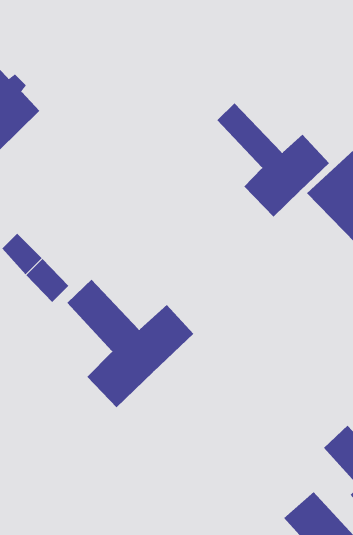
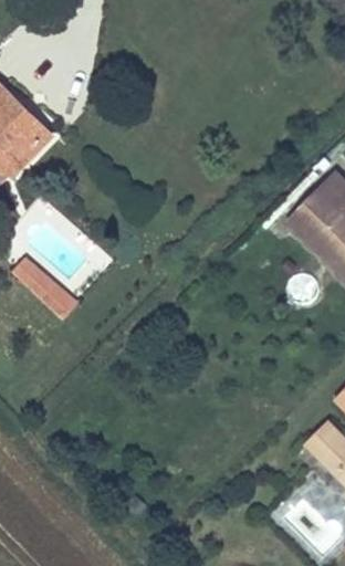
building: [217,103,330,218] -> none
building: [66,279,194,408] -> none

